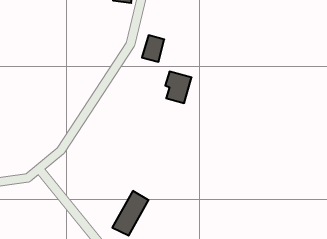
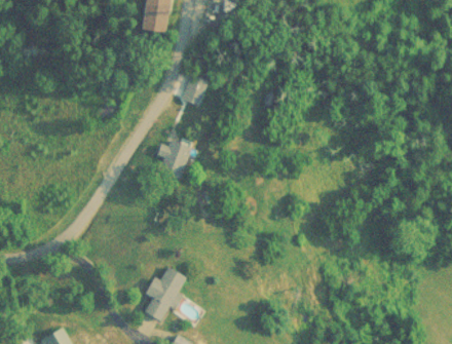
building: [165,72,192,103] -> [157,137,190,176]

